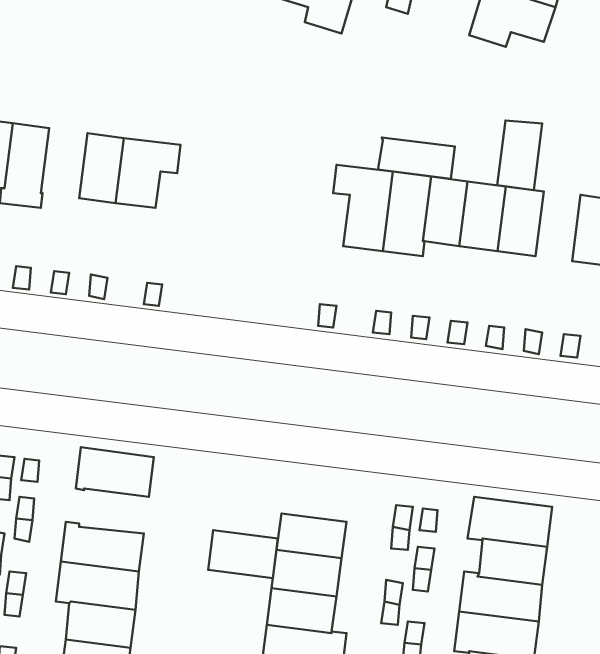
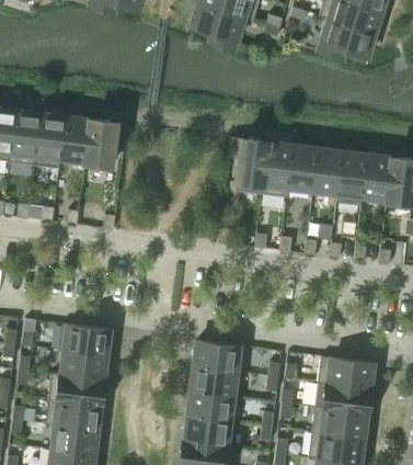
building: [497,120,542,190] -> [362,155,391,201]
building: none -> [35,113,66,159]
building: [378,138,455,179] -> none
building: none -> [60,351,106,381]
building: [208,530,278,578] -> [194,341,240,373]

